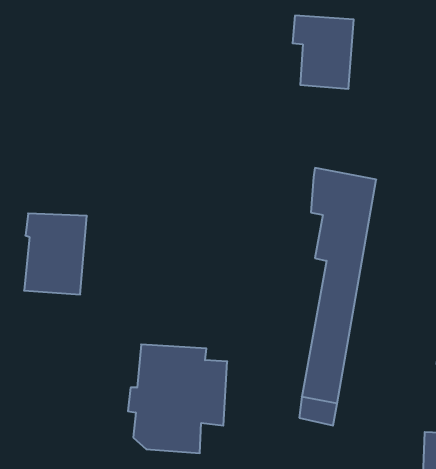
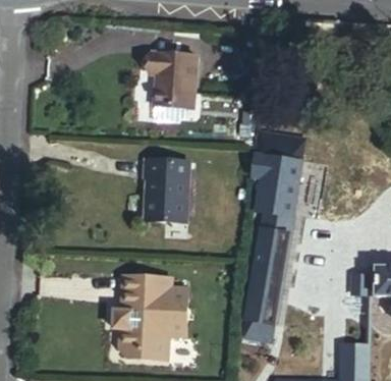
building: [292,16,354,89] -> [151,53,199,110]
building: [24,213,87,294] -> [143,159,191,222]

